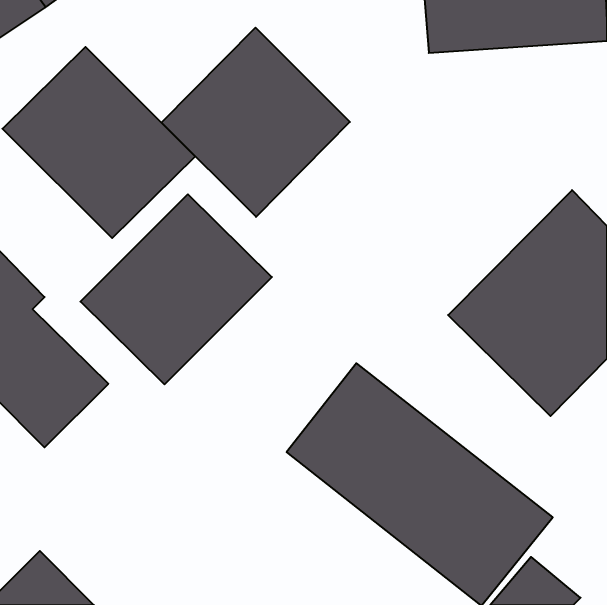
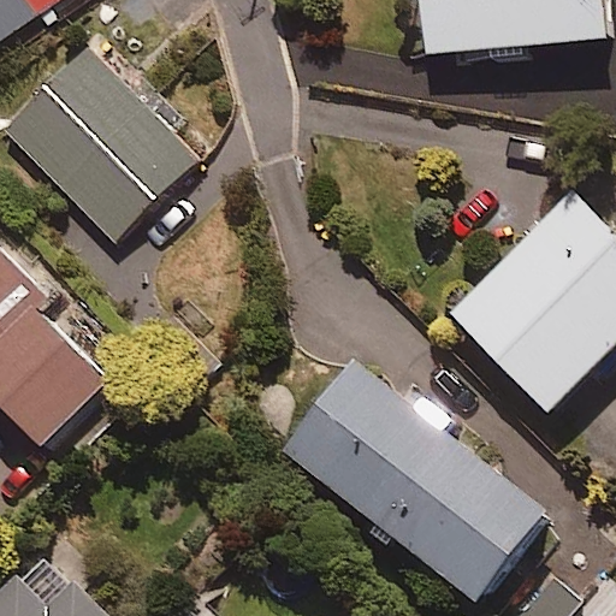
building: [161,28,350,217] -> none
building: [80,194,272,384] -> none

